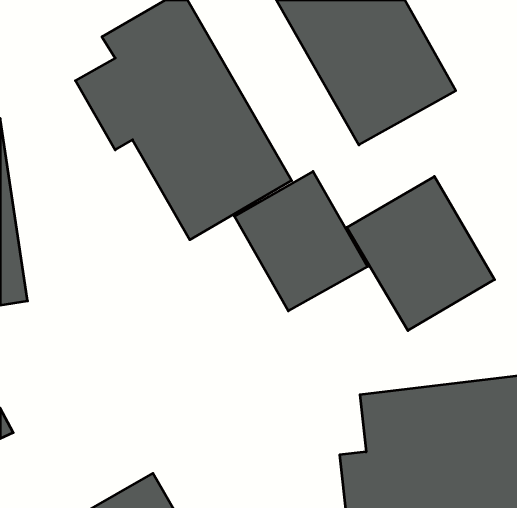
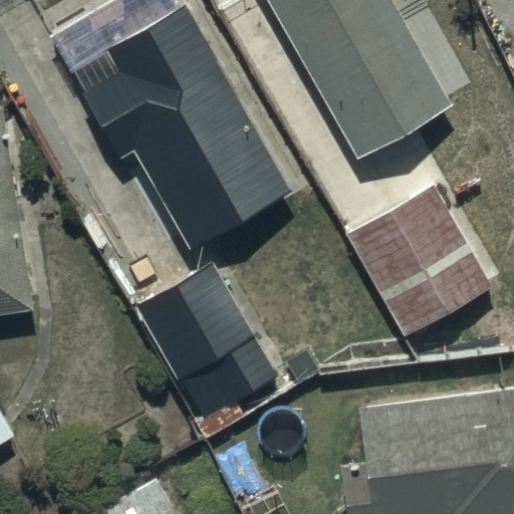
building: [234,171,368,311] -> none
building: none -> [135,260,282,423]

